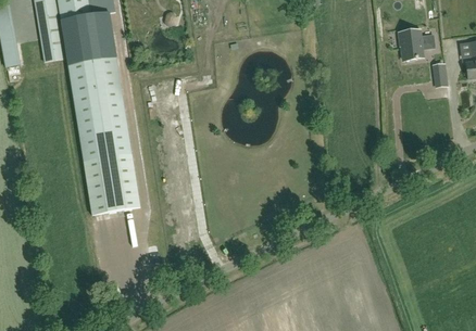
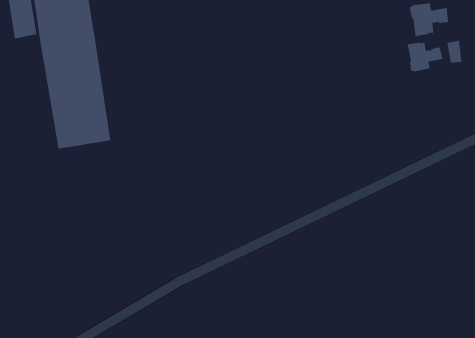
building: none -> [407,41,443,72]
building: [84,153,140,215] -> none

